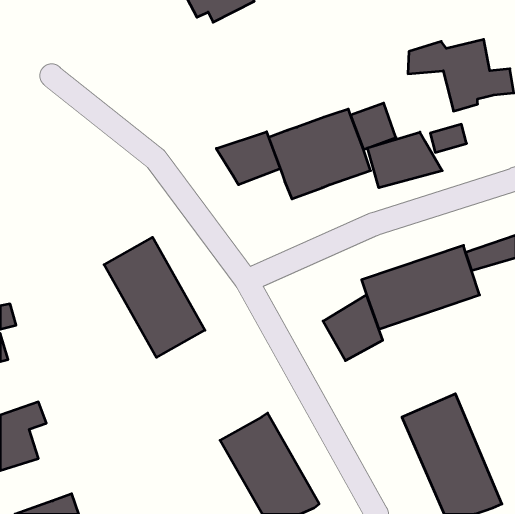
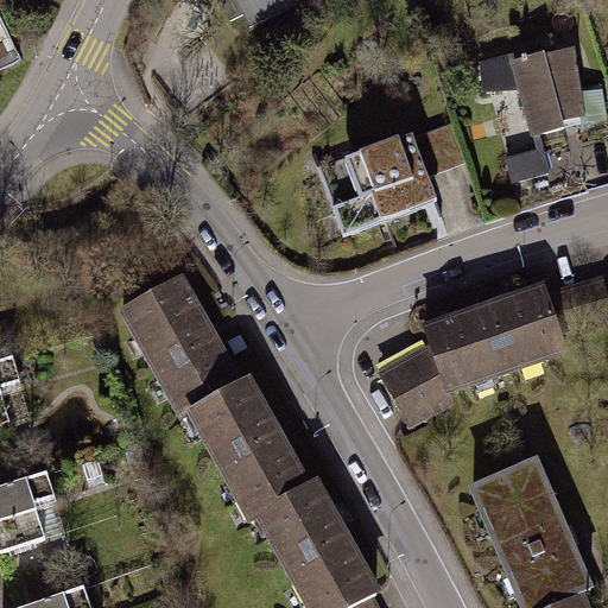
building: [216,132,280,185] -> none
building: [367,132,442,188] -> none
building: none -> [194,384,309,521]

